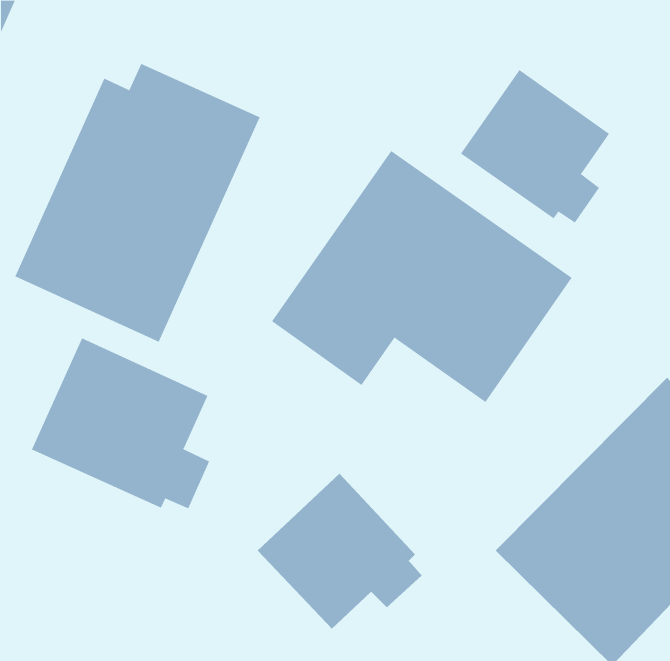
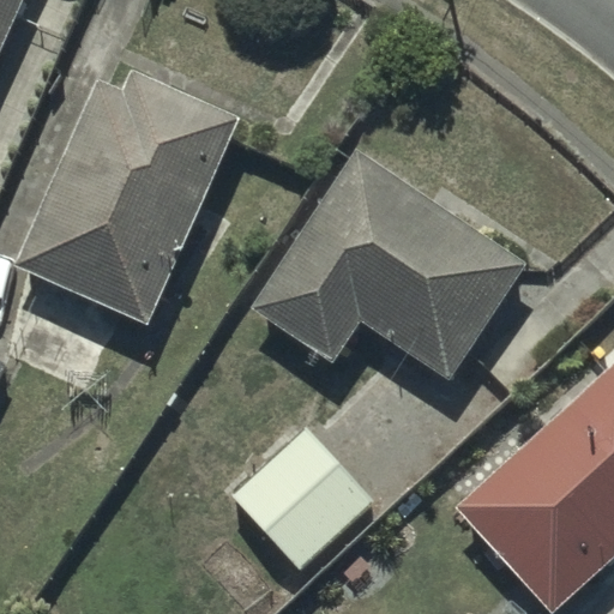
building: [460,69,610,224] -> none
building: [31,338,210,509] -> none

